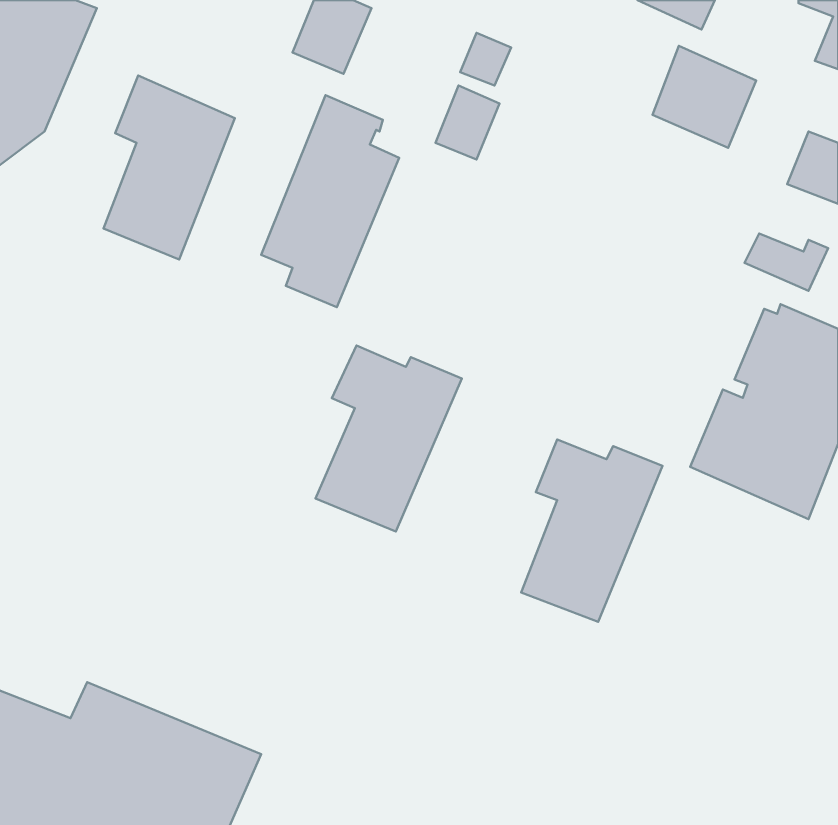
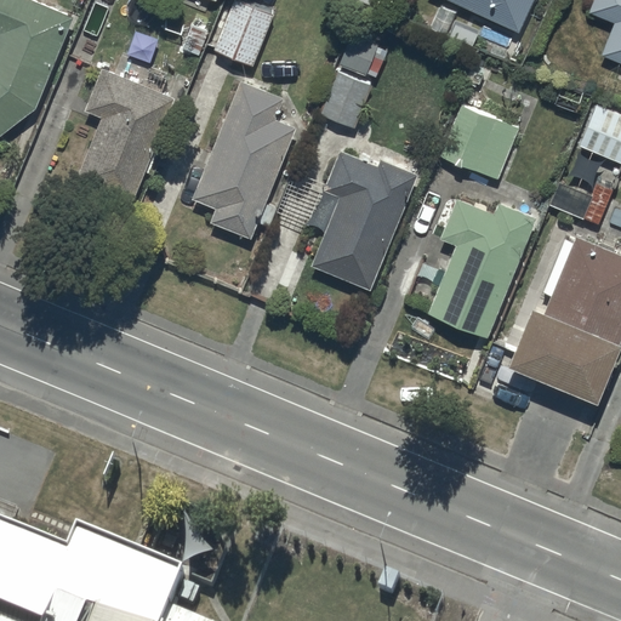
building: [653,46,756,148] -> [441,107,518,182]
building: [315,346,462,531] -> [310,152,418,289]
building: [521,440,662,622] -> [431,199,535,334]

